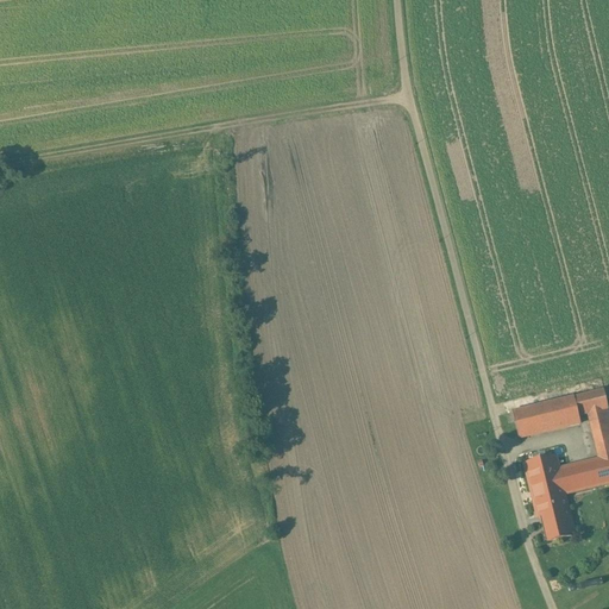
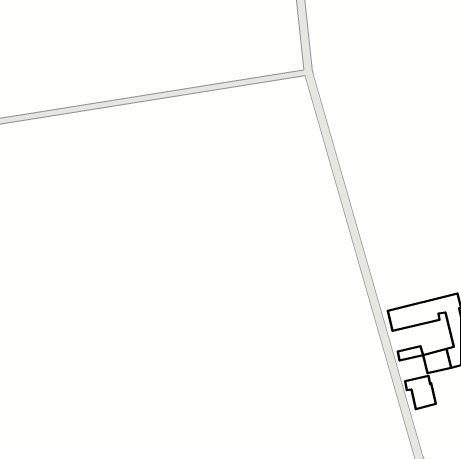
building: [527,467,565,502] -> none

